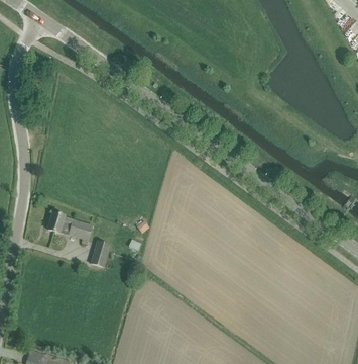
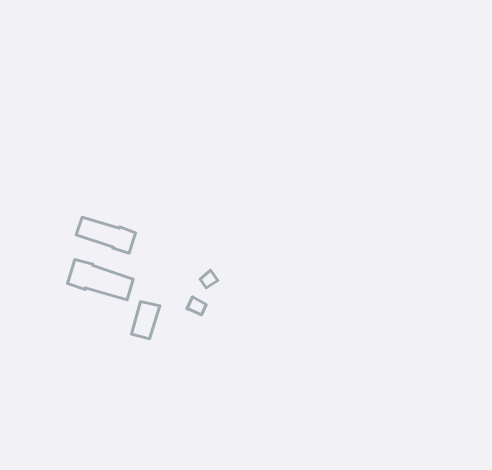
building: none -> [76,217,135,253]

